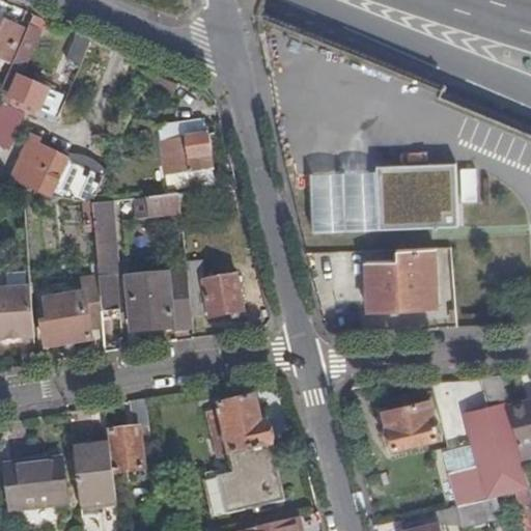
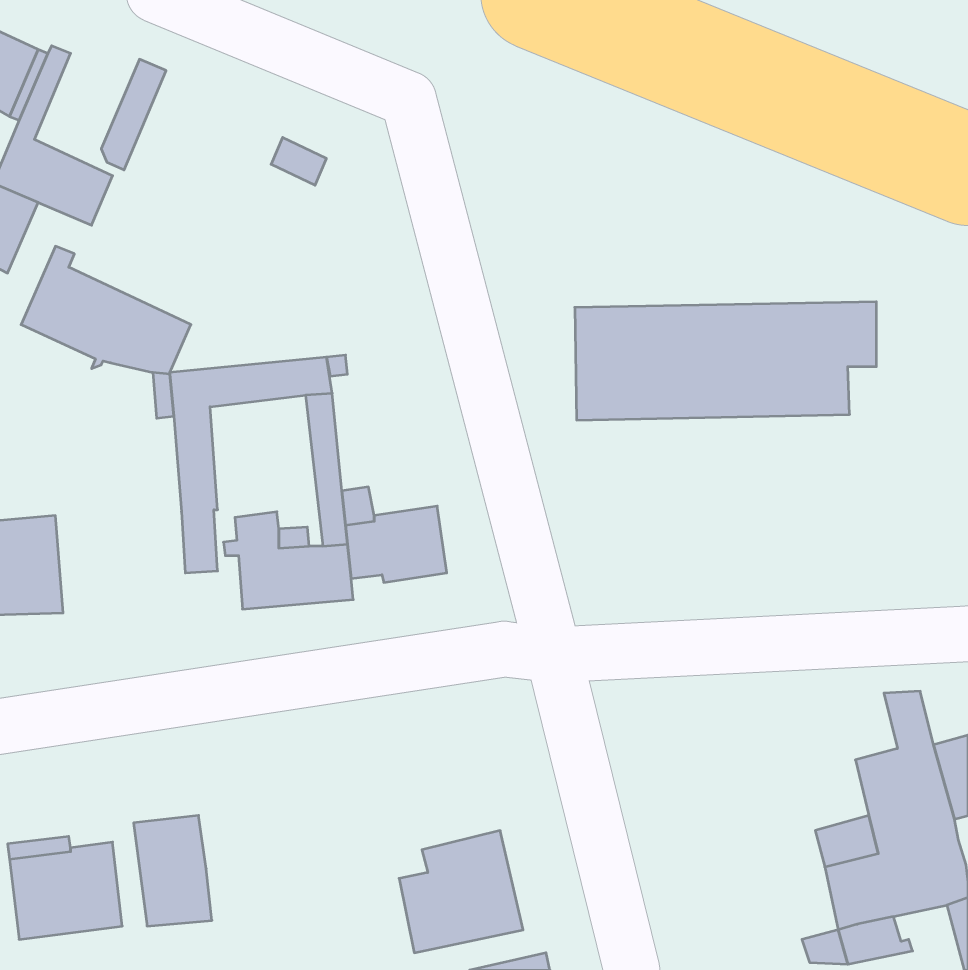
building: [160,123,214,190] -> none
building: [364,246,440,308] -> none
building: [41,278,103,343] -> none
building: [107,397,148,472] -> none
building: [204,397,272,462] -> none
building: [383,399,440,449] -> none

